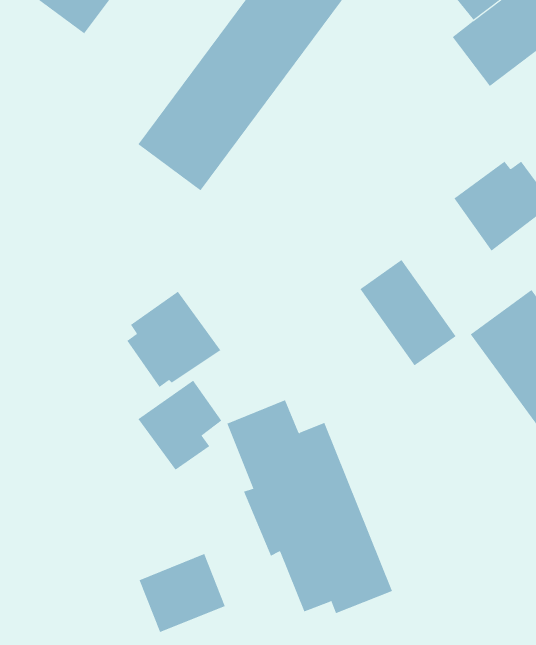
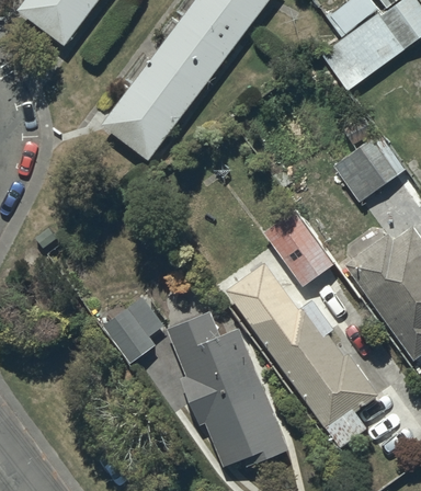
building: [126,291,221,388] -> none
building: none -> [225,260,379,446]
building: [139,553,226,633] -> none

